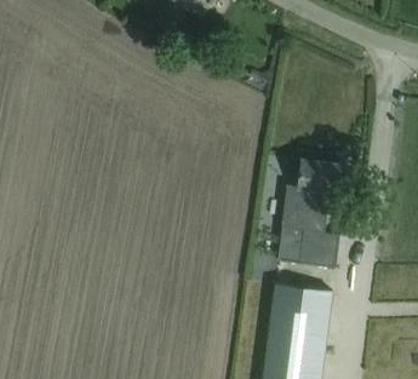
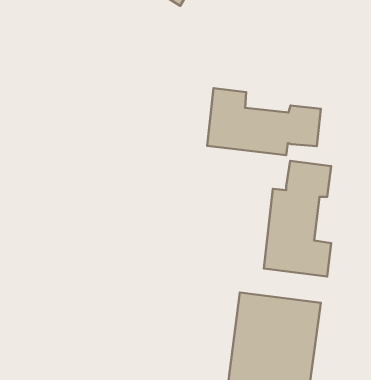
building: none -> [207,88,321,155]

